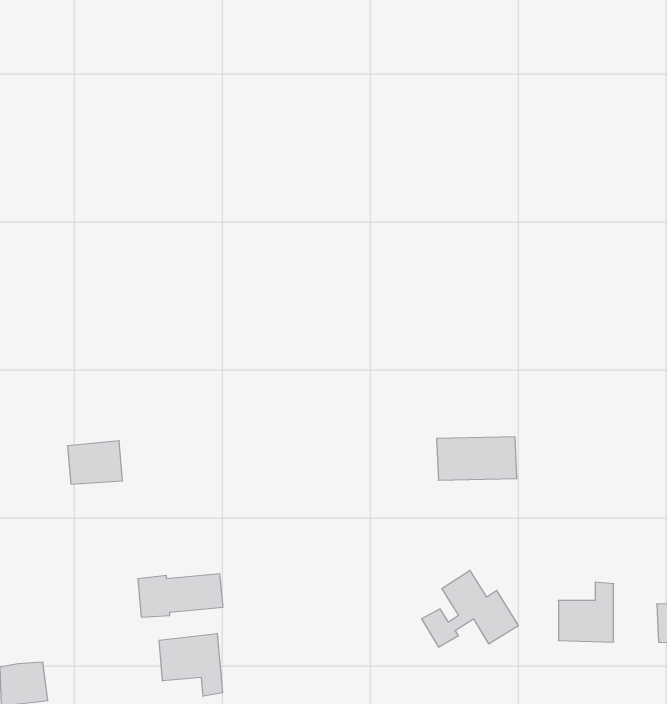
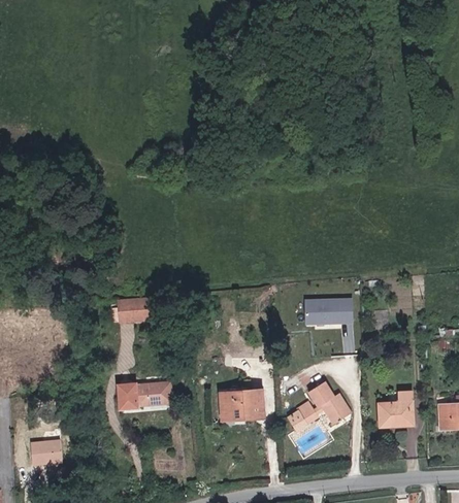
building: [68,441,123,484] -> [118,300,152,327]
building: none -> [222,388,263,422]
building: [159,633,222,696] -> none

